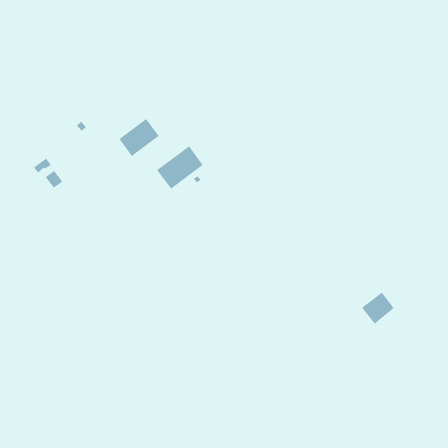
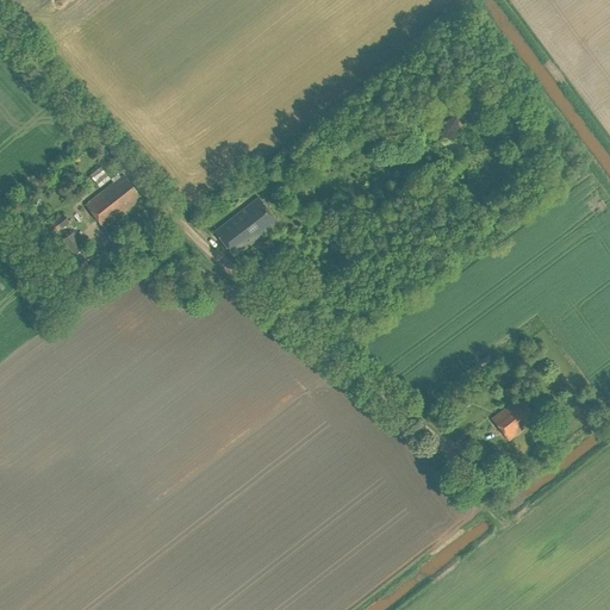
building: [118,118,160,157] -> [83,175,139,228]

